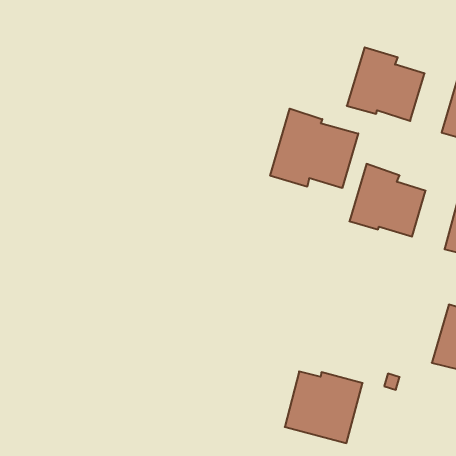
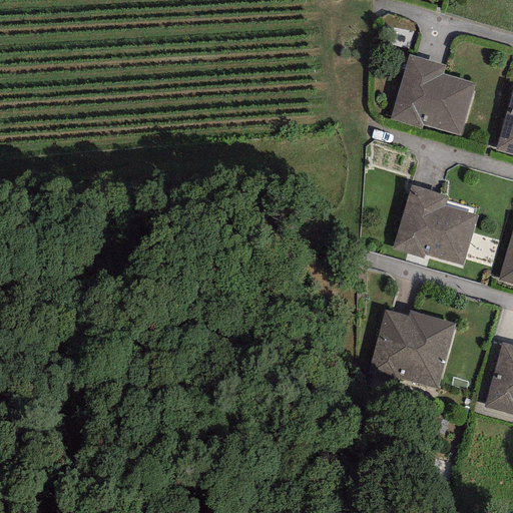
building: [270,109,358,188] -> none
building: [285,371,363,443] -> [370,309,457,389]

